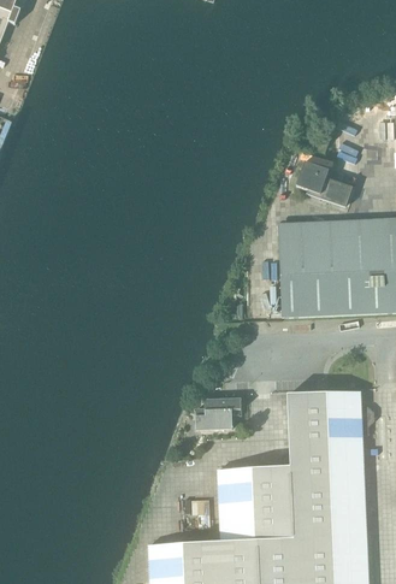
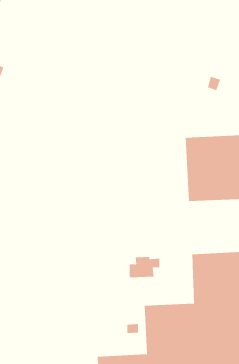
building: [297,161,351,205] -> none

